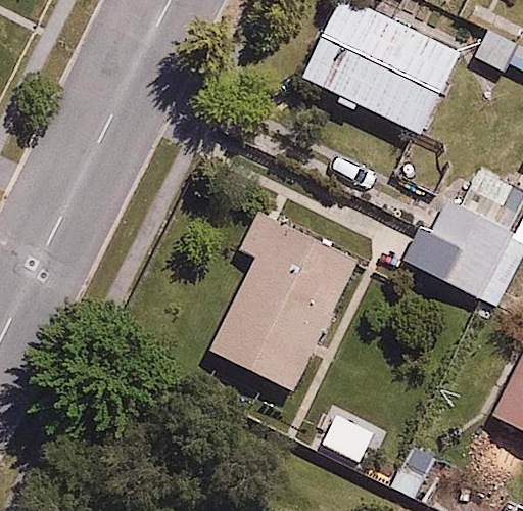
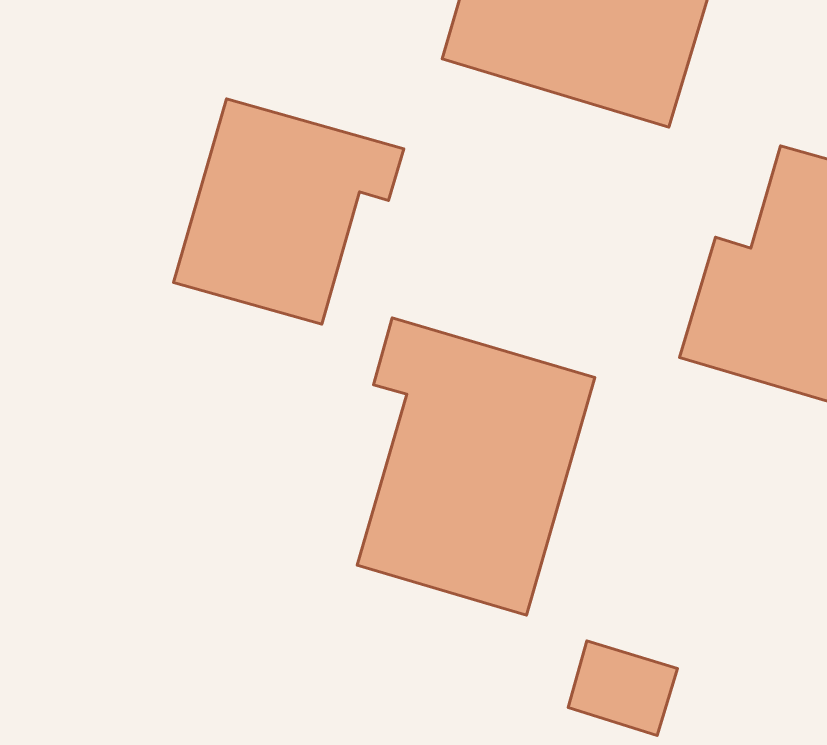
building: none -> [174,99,404,324]

